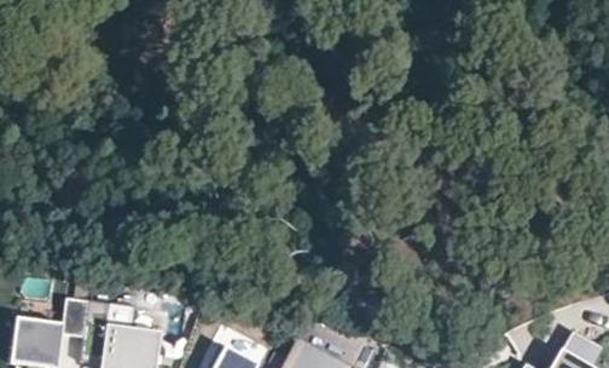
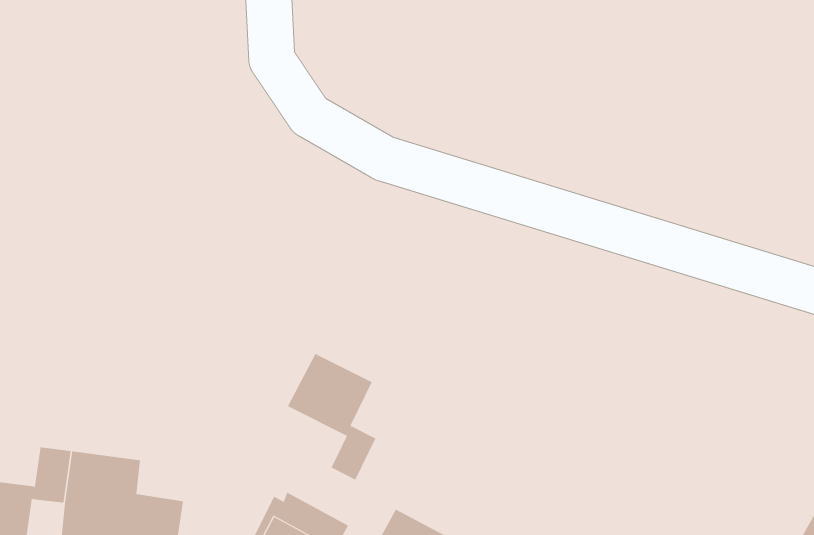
building: none -> [287,353,376,481]

